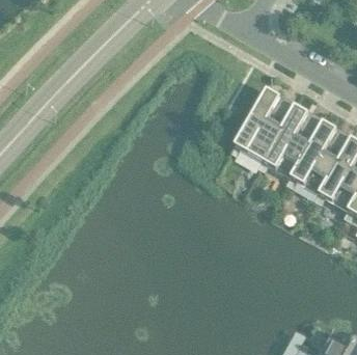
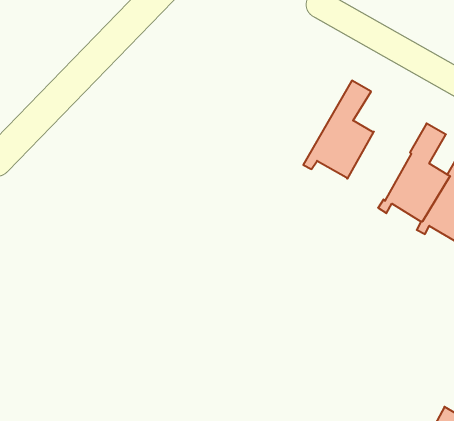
building: [258,102,311,175] -> none

